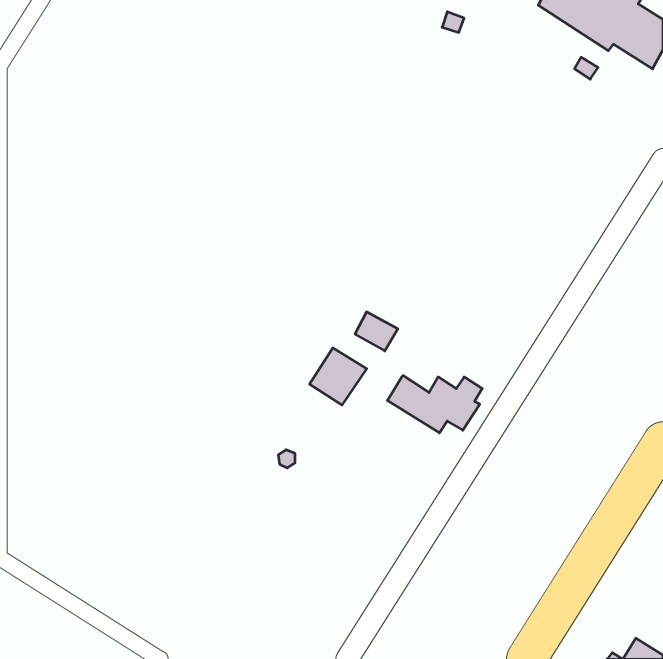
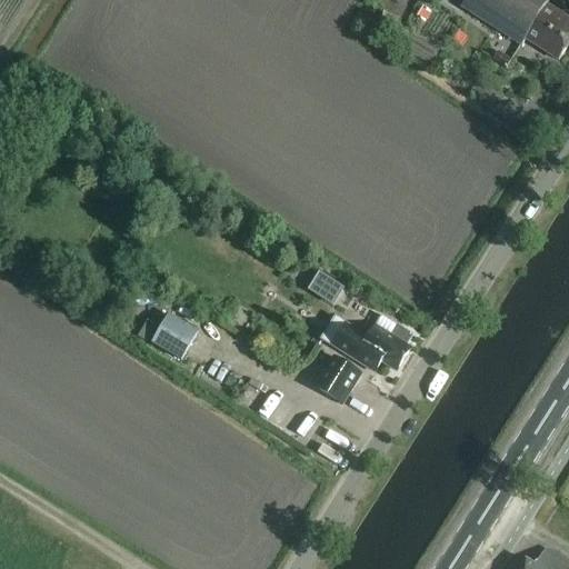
building: [310,348,367,405] -> [313,353,362,402]
building: none -> [152,315,194,357]

